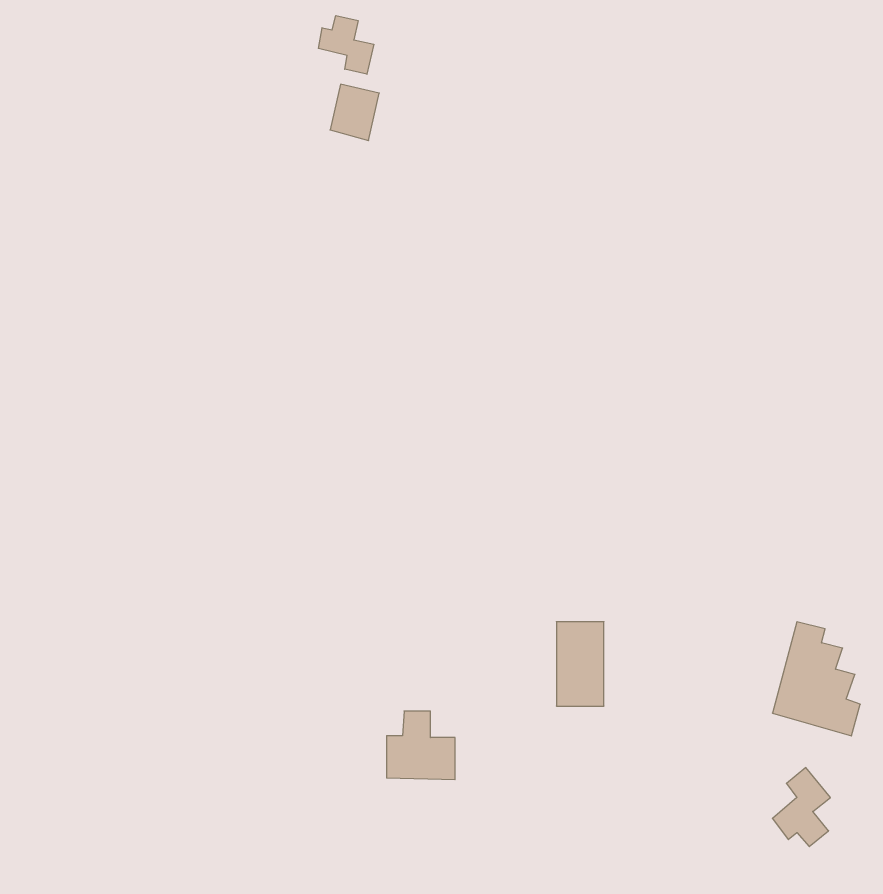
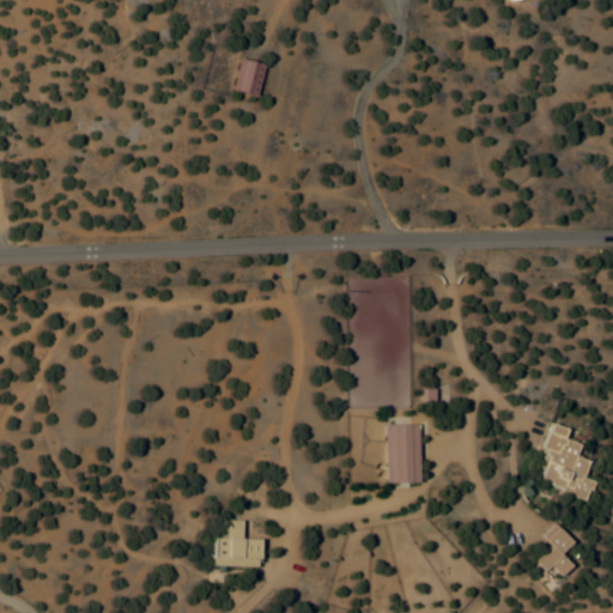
building: [318,16,374,74] -> none
building: [387,711,455,780] -> [214,520,261,566]

